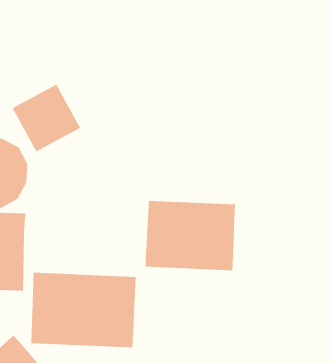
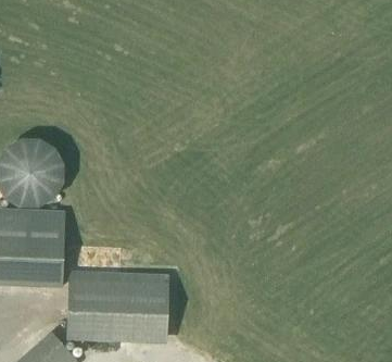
building: [12,84,81,152] -> none
building: [145,200,236,271] -> none

